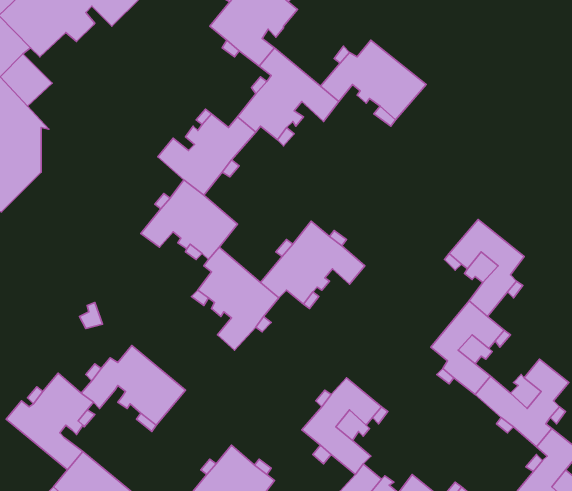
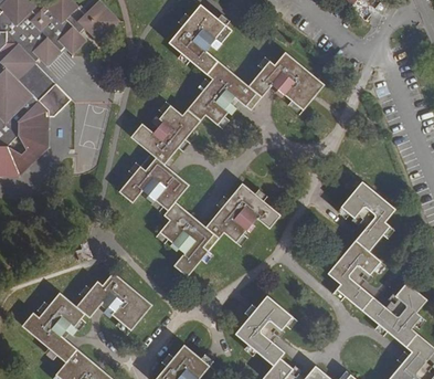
building: none -> [36,83,70,116]

